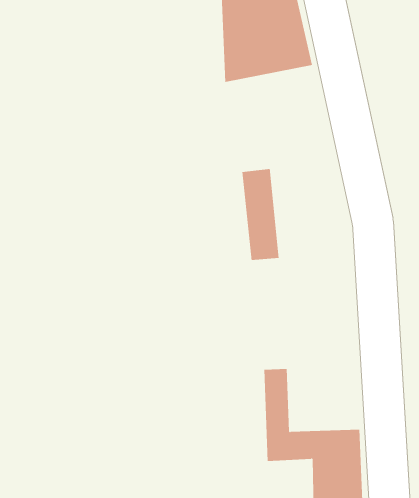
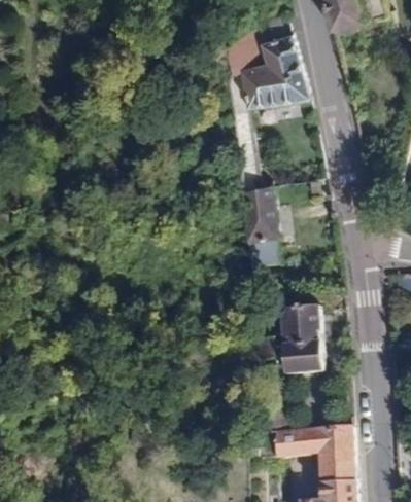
building: none -> [283,307,326,371]

